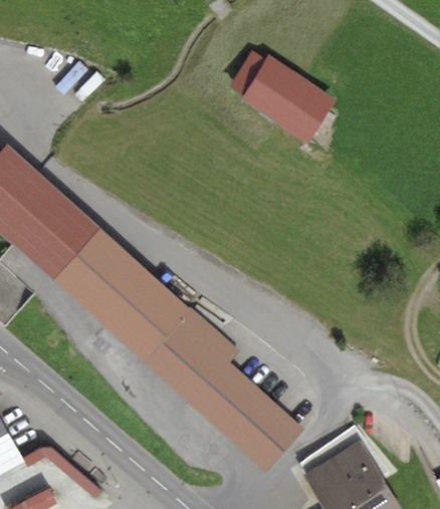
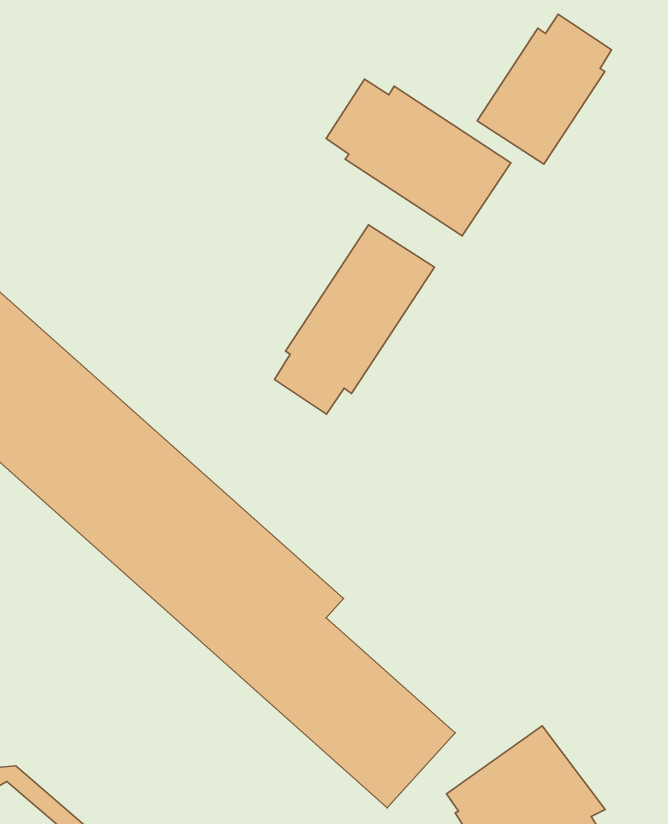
building: none -> [477,14,612,164]
building: none -> [274,225,434,414]

